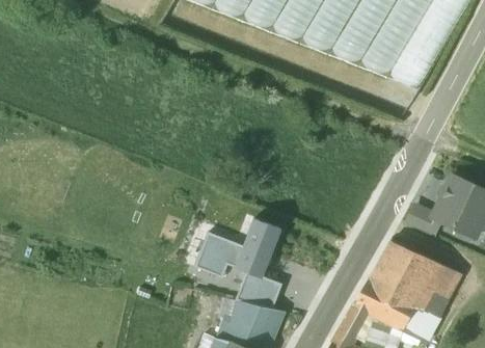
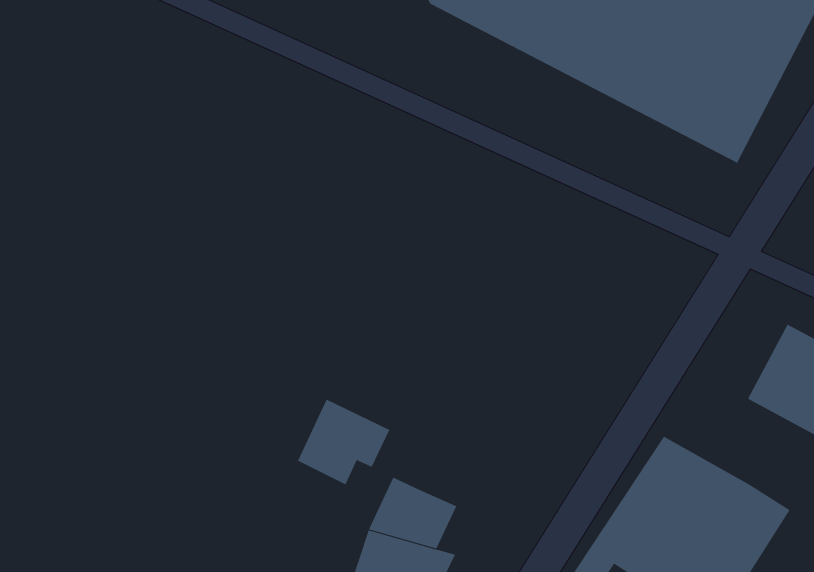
building: [236,219,281,278] -> none

